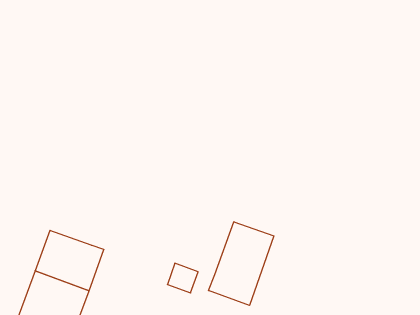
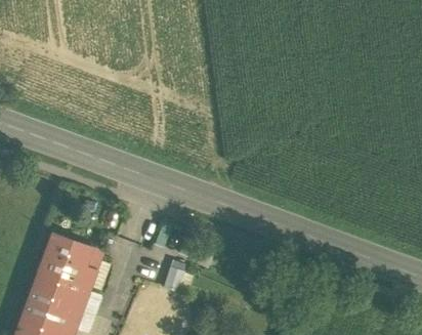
building: [209,222,274,305] -> none

